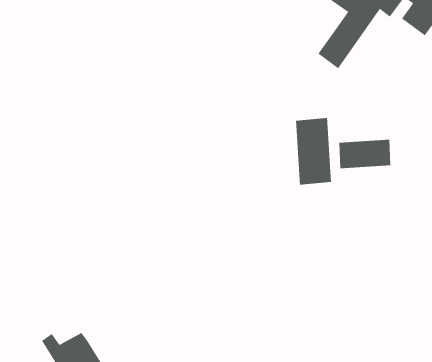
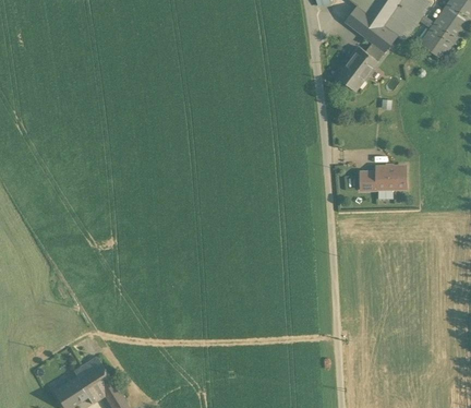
building: [295,117,332,185] -> none

